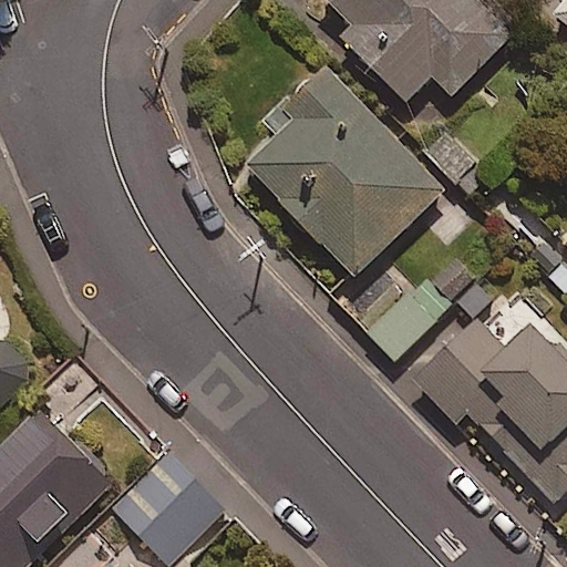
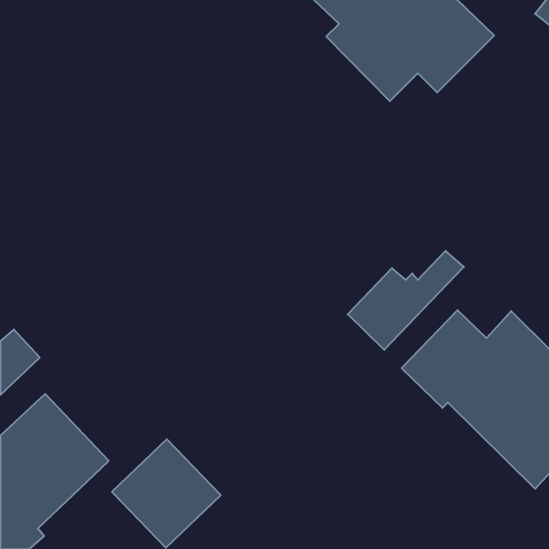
building: [244,70,439,277] -> none

